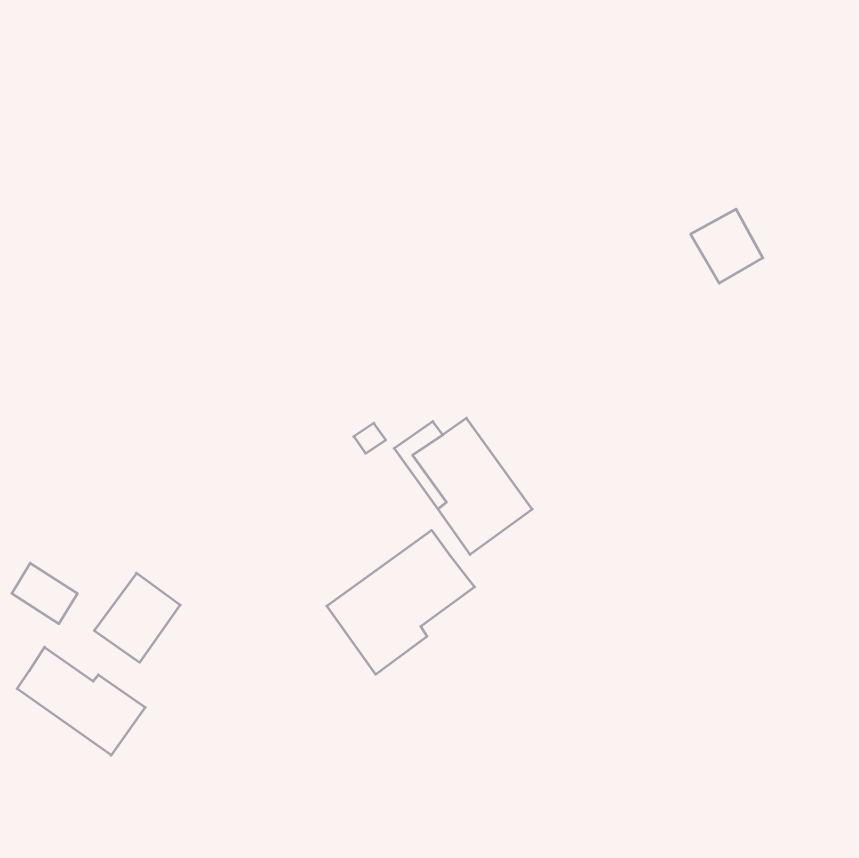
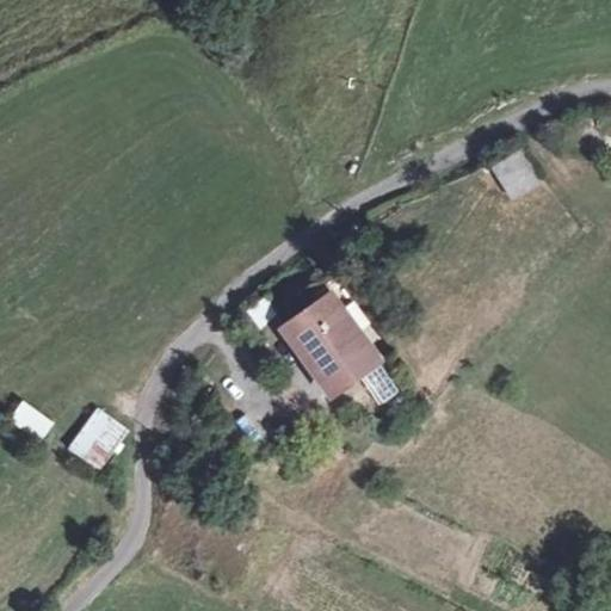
building: [327,530,475,674] -> none
building: [17,647,145,755] -> none

